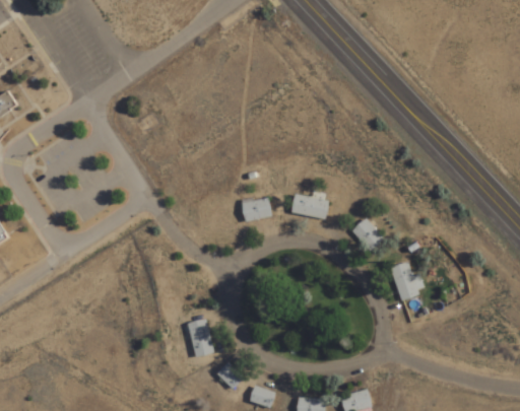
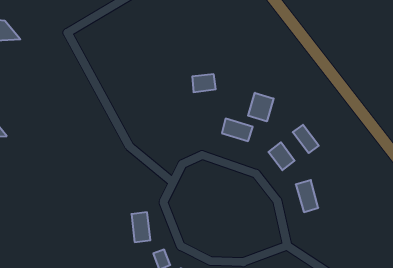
building: none -> [248,93,274,121]
building: none -> [293,125,319,153]
building: [241,198,271,222] -> [192,74,216,92]

